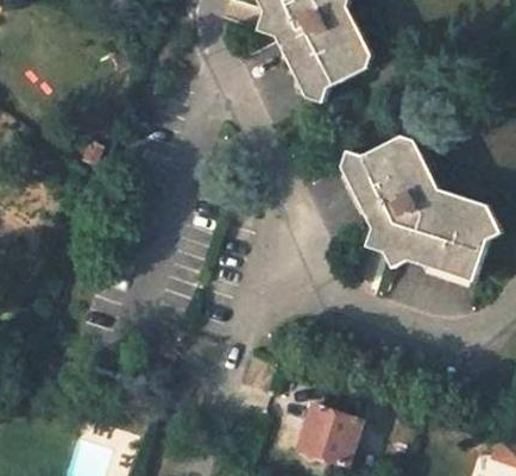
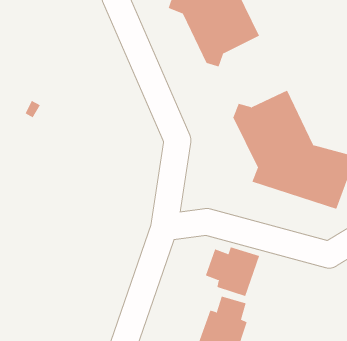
building: none -> [205,247,260,297]

